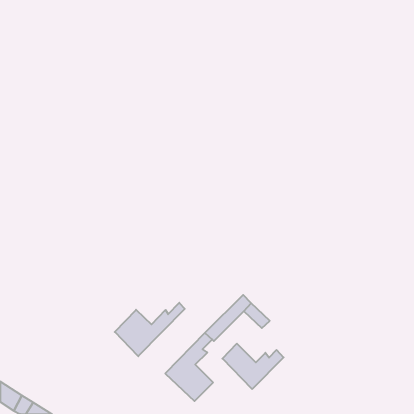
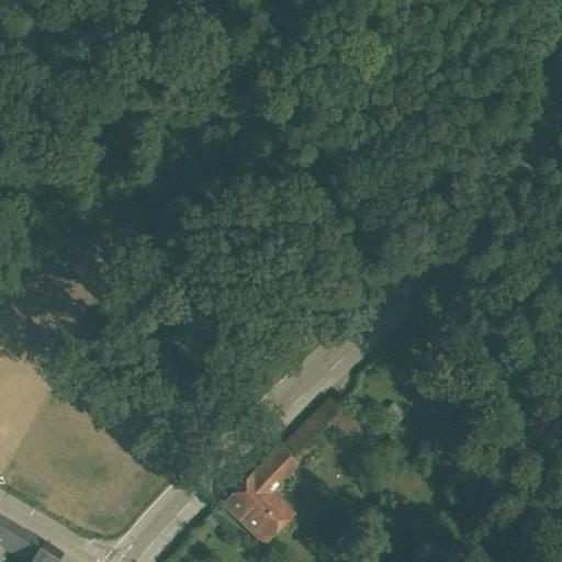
building: [115,303,185,356] -> none
building: [222,344,284,389] -> none

